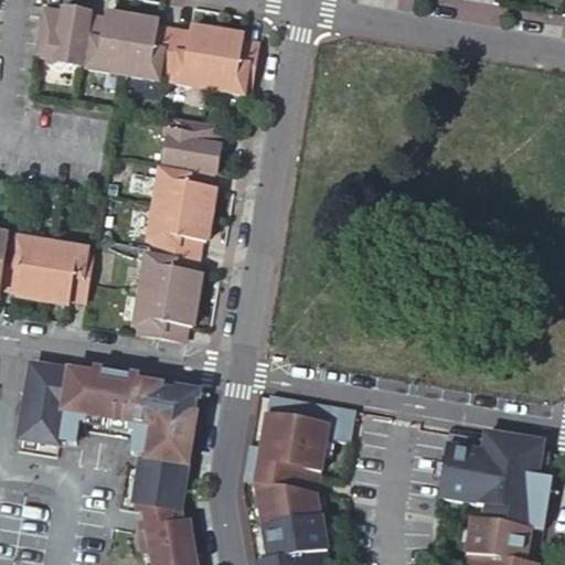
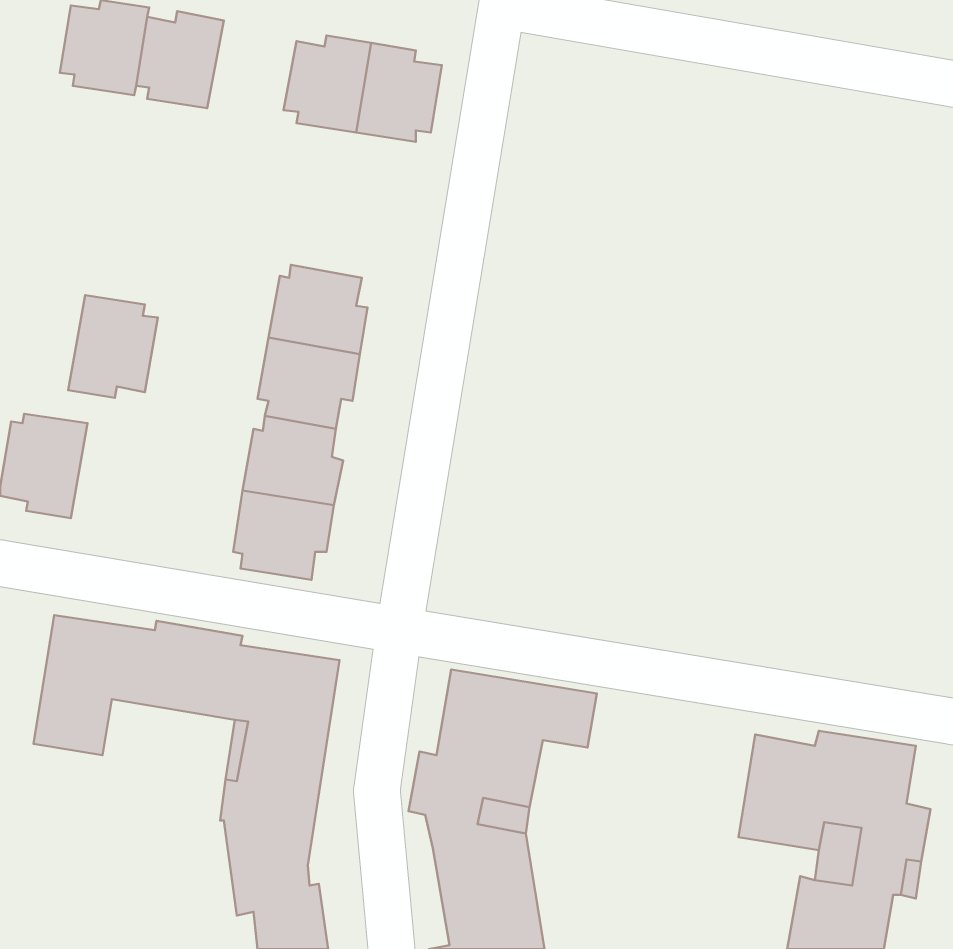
building: [122,12,175,70] -> none
building: [167,111,225,166] -> none
building: [42,250,95,311] -> [68,295,158,398]

